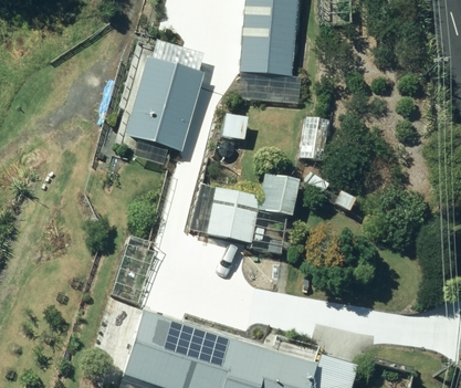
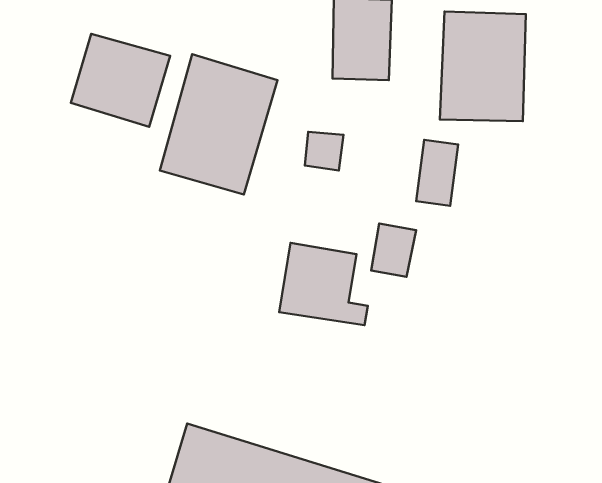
building: none -> [440,11,526,121]
building: none -> [71,34,170,127]

